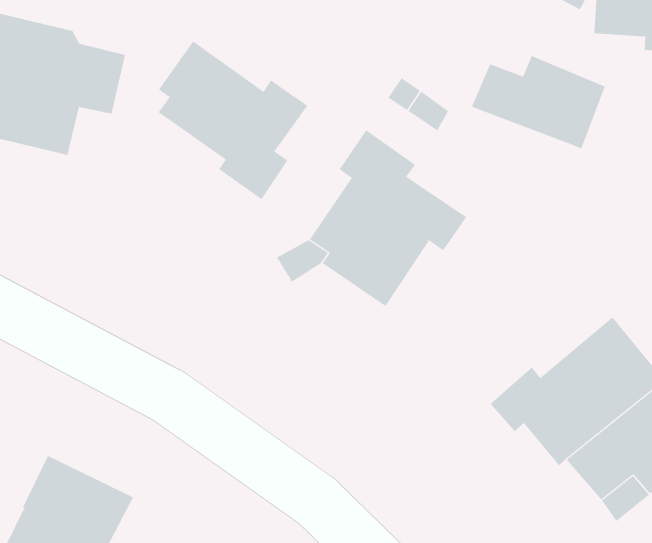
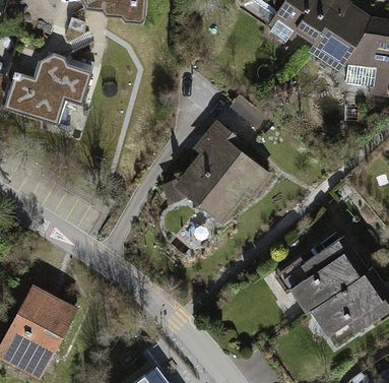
building: [158,40,308,200] -> none
building: [471,55,606,149] -> none

